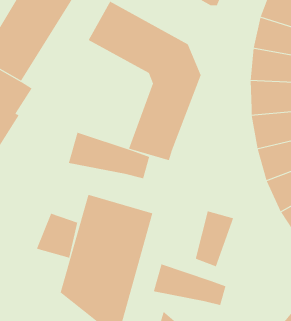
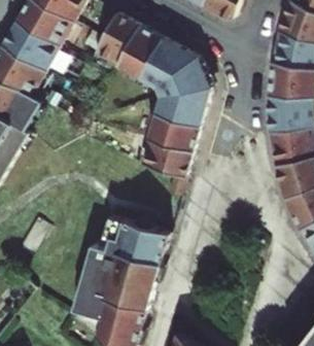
building: [68,132,150,179] -> none
building: [195,211,234,267] -> none
building: [36,213,78,259] -> none
building: [153,264,226,306] -> none

